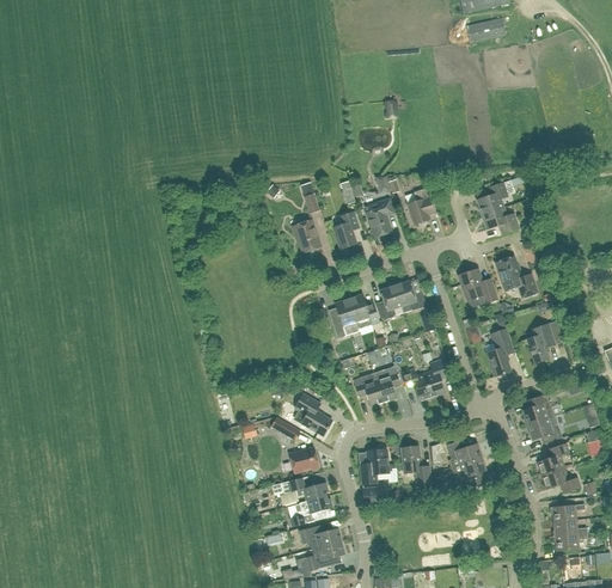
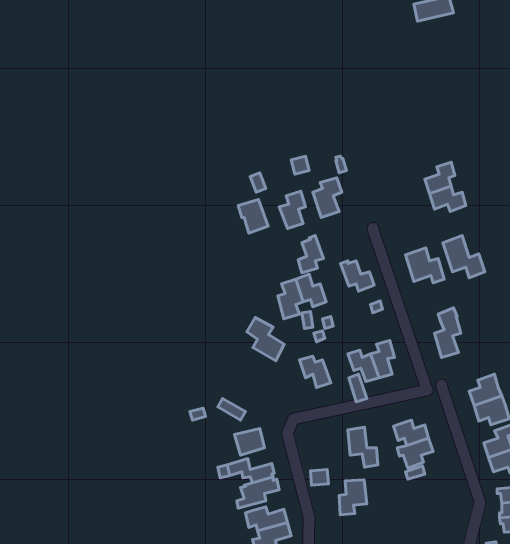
building: [406,188,435,226] -> none
building: [378,283,403,320] -> [298,236,324,273]
building: [527,324,556,363] -> none
building: [377,366,402,402] -> none
building: [295,393,332,436] -> [247,318,284,361]
building: [362,449,390,484] -> [339,480,367,515]

